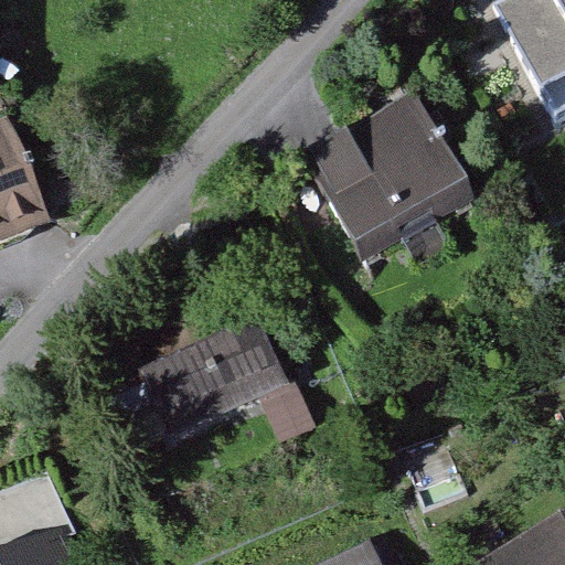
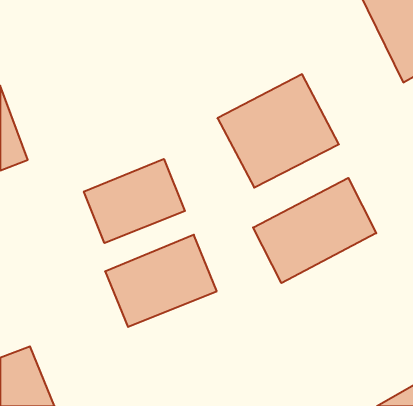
building: none -> [84,159,185,243]
building: none -> [253,178,376,283]

